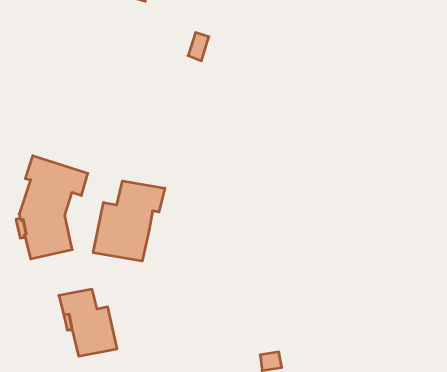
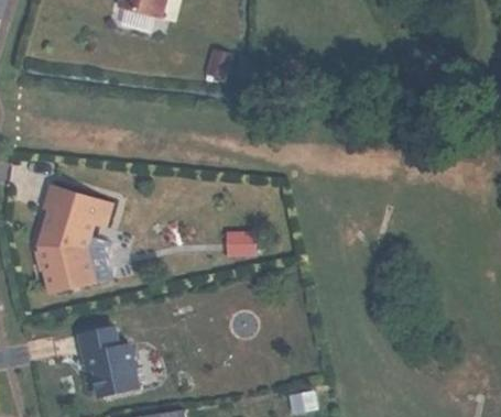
building: [93,181,165,261] -> none

